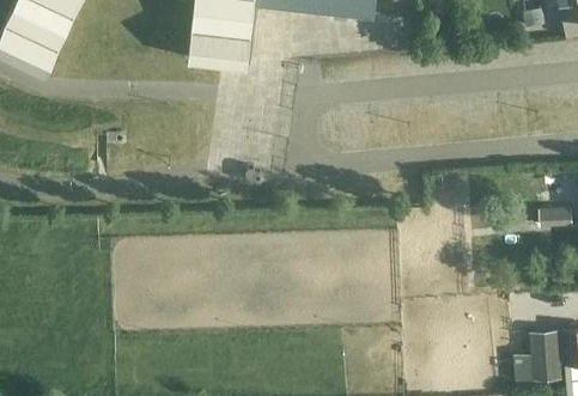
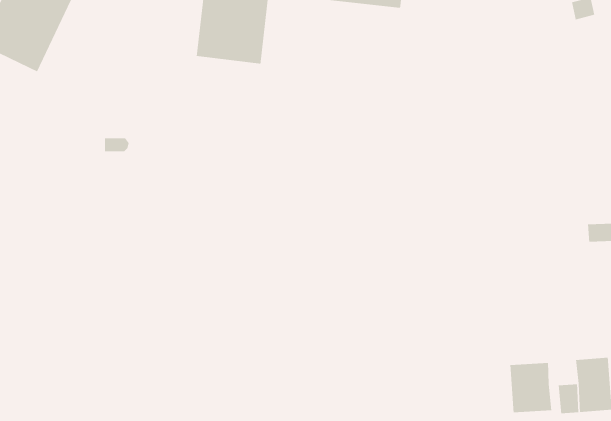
building: none -> [509,362,552,413]

